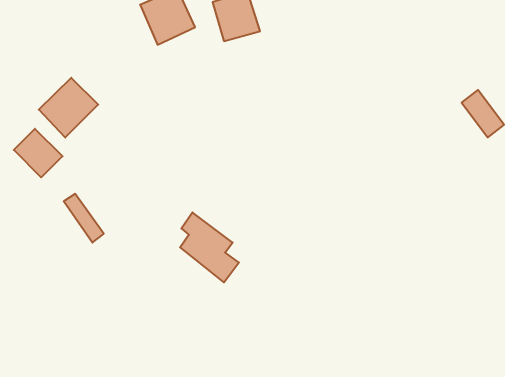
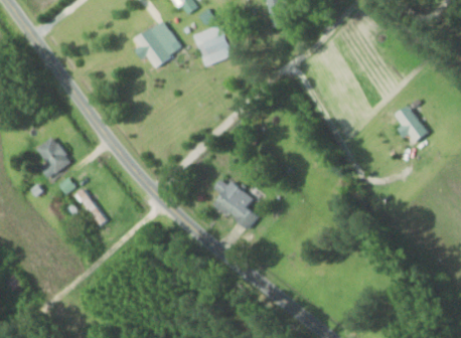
building: [39,78,98,138] -> none
building: [180,212,239,282] -> [212,175,260,231]

